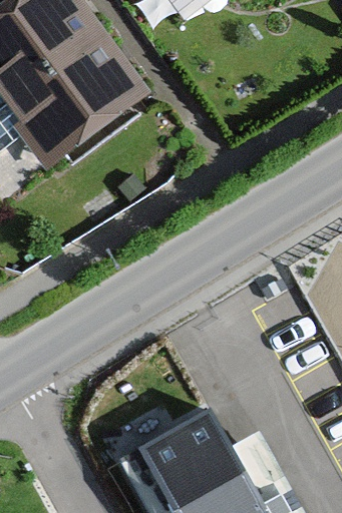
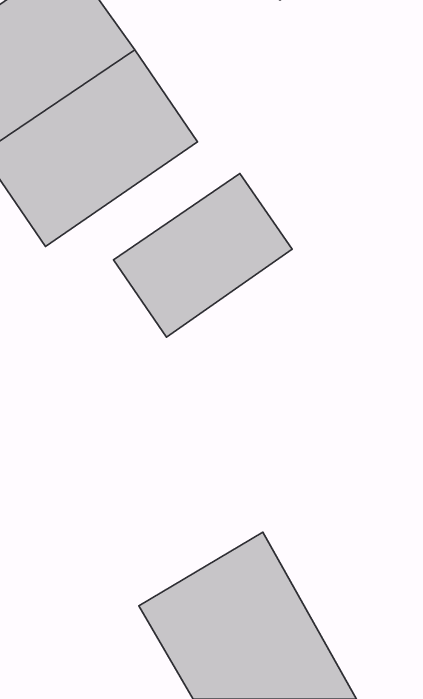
building: none -> [114,173,292,337]

